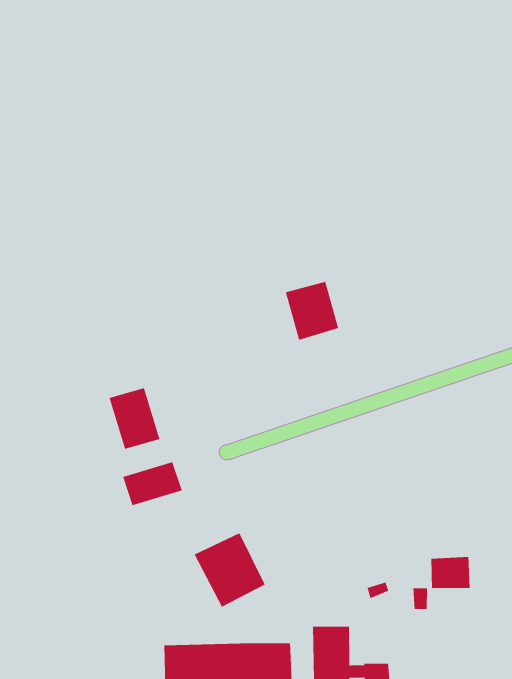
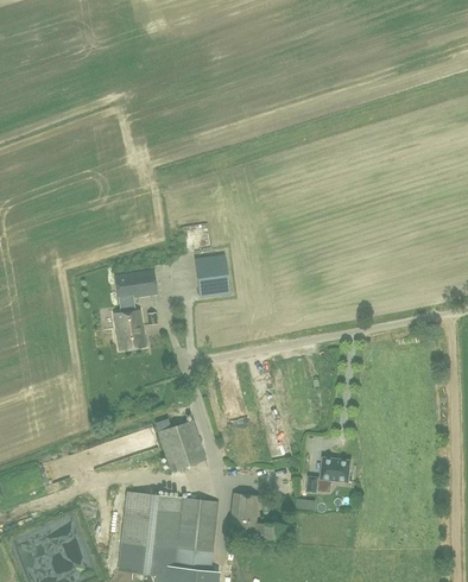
building: [285,281,339,341] -> [195,255,229,295]
building: none -> [118,270,157,299]
building: [122,461,183,506] -> none

